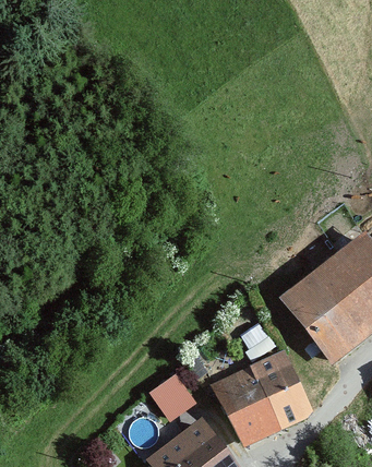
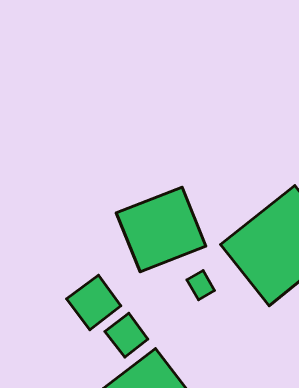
building: none -> [66,275,121,330]
building: [213,348,315,445] -> [116,187,206,272]

